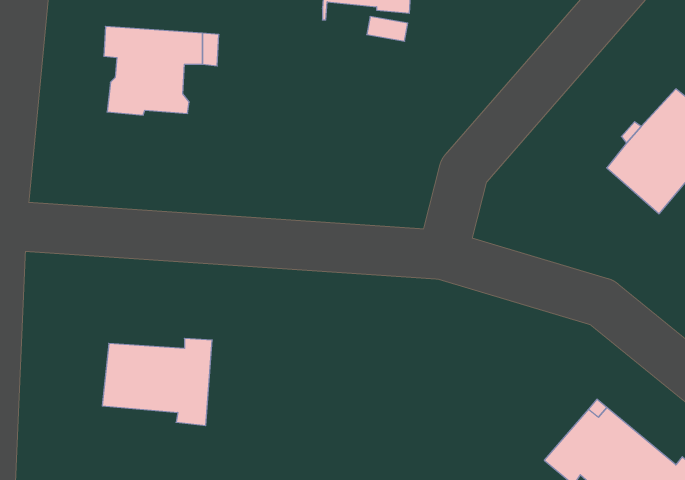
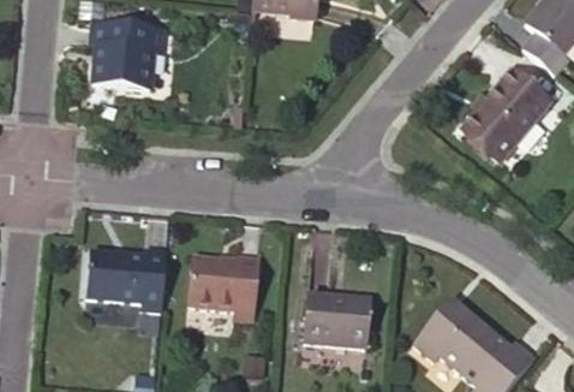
building: none -> [191,260,261,322]
building: none -> [305,296,373,350]

